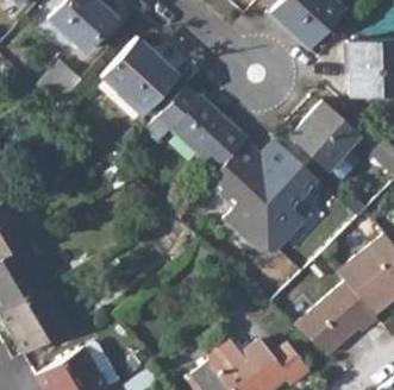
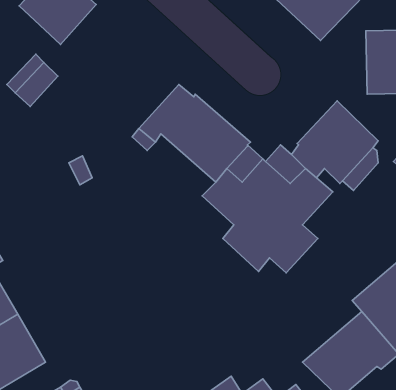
building: [100,38,179,115] -> none

